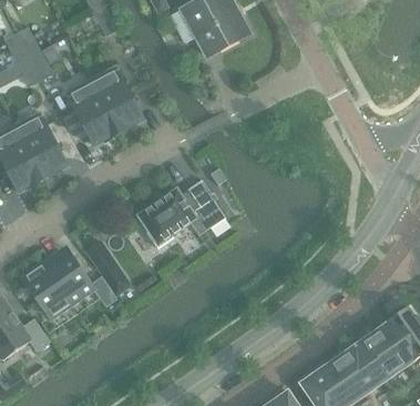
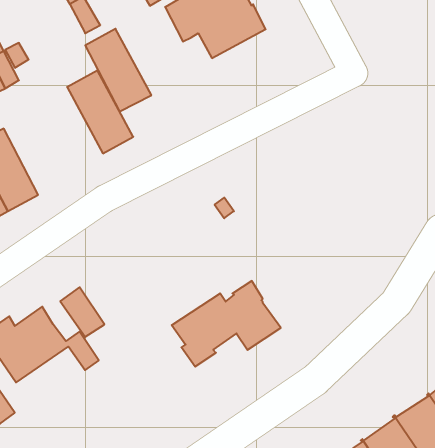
building: [66,79,120,145] -> [85,29,151,112]
building: [137,179,225,247] -> [172,281,281,367]

